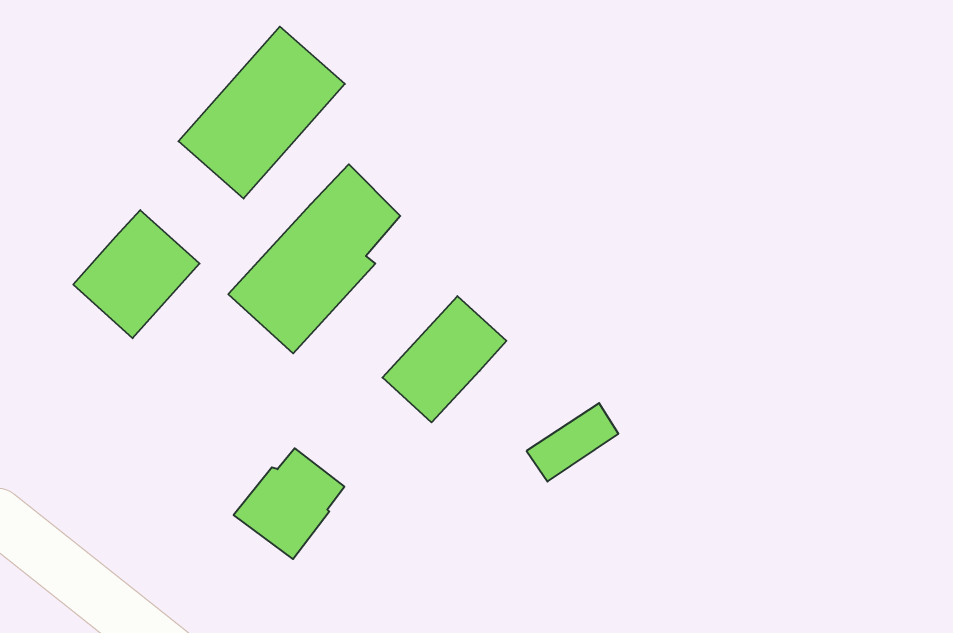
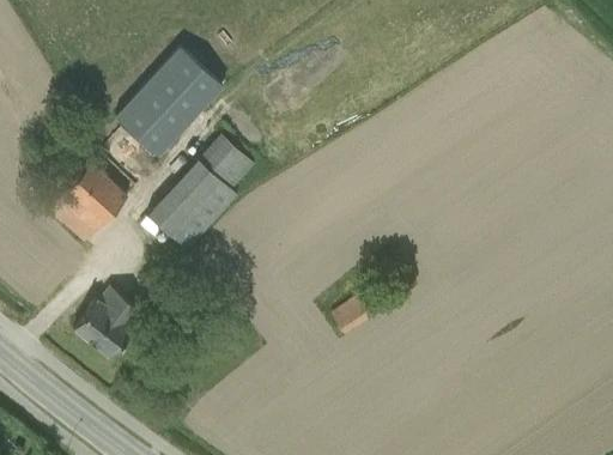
building: [382,296,506,422] -> none
building: [234,448,344,559] -> [73,289,142,358]

